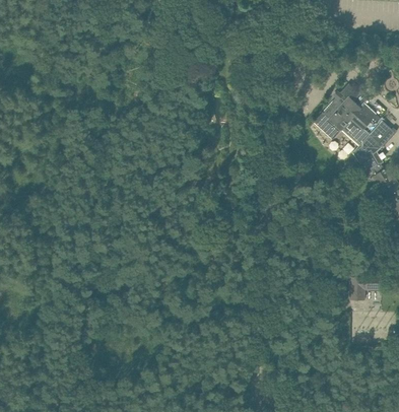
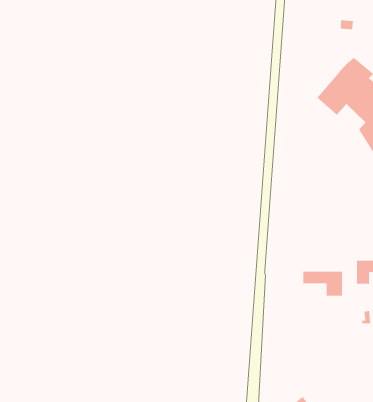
building: none -> [303,271,343,296]

